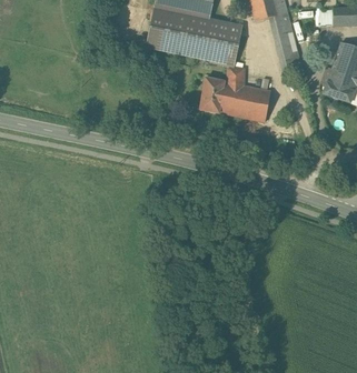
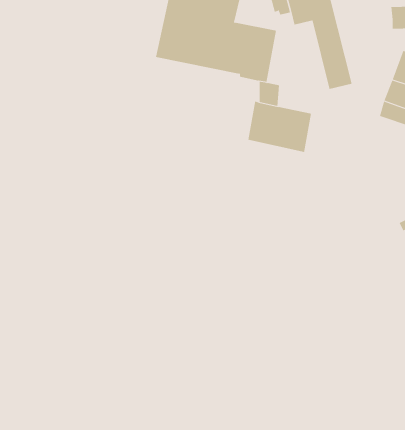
building: [199,78,224,113] -> none

